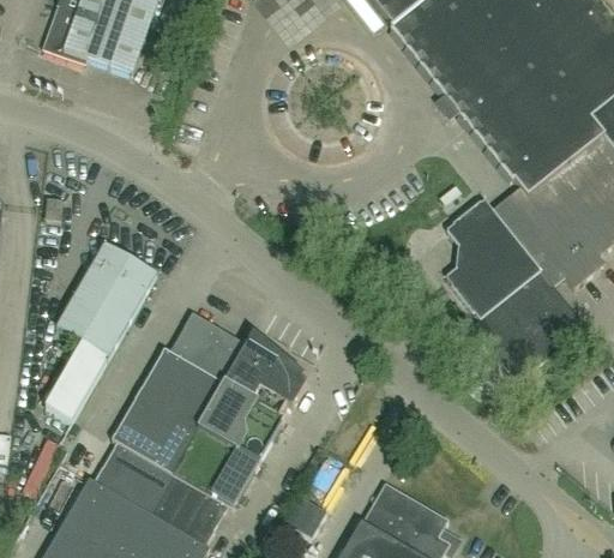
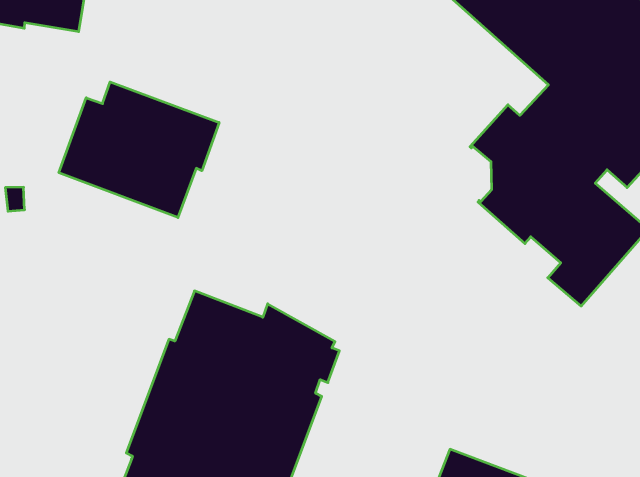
building: none -> [59,82,219,218]
building: [46,244,157,420] -> none

